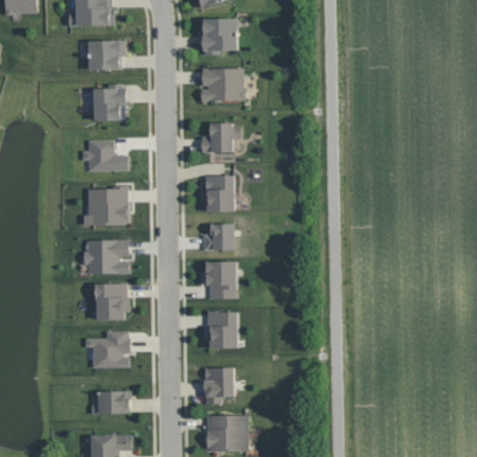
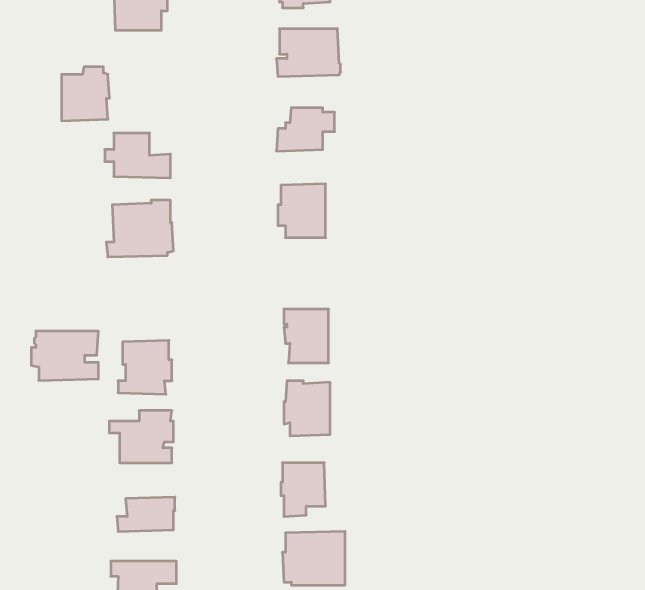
building: [94,84,126,121] -> [62,67,109,121]
building: [205,224,237,252] -> none
building: [83,240,130,274] -> [31,331,98,380]

